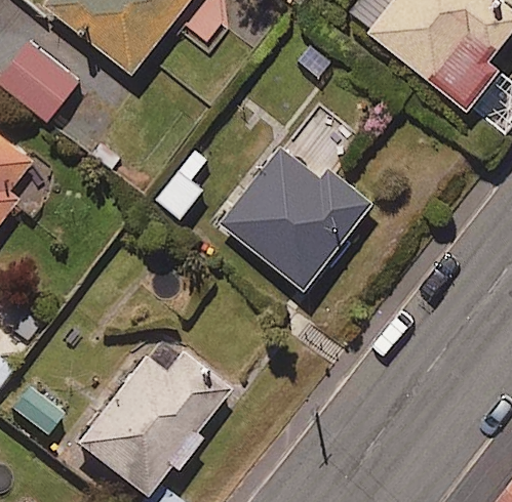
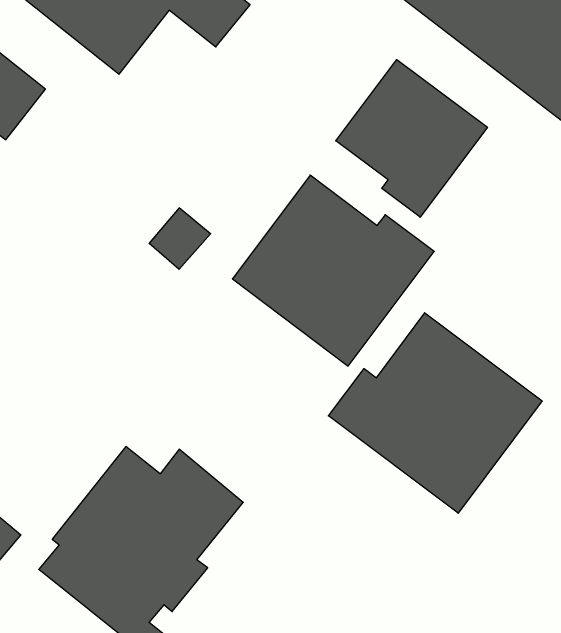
building: none -> [336,60,487,217]
building: none -> [328,313,542,513]

